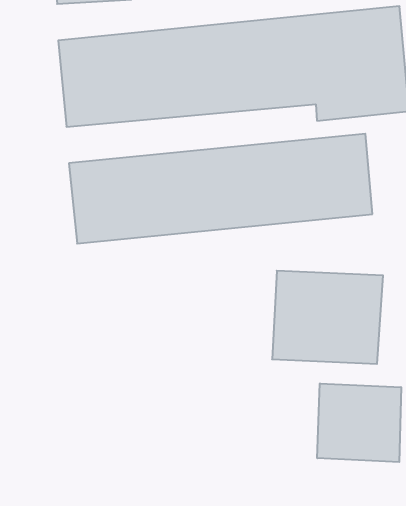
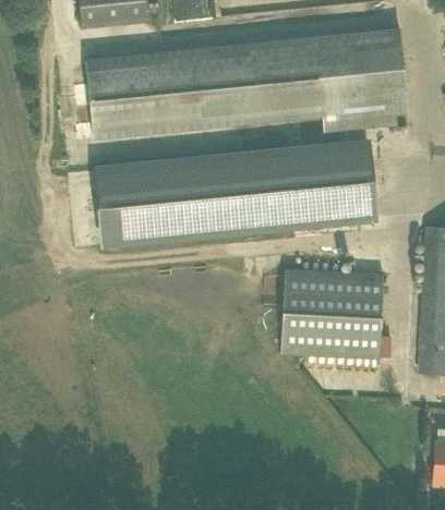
building: [317,383,401,462] -> none

